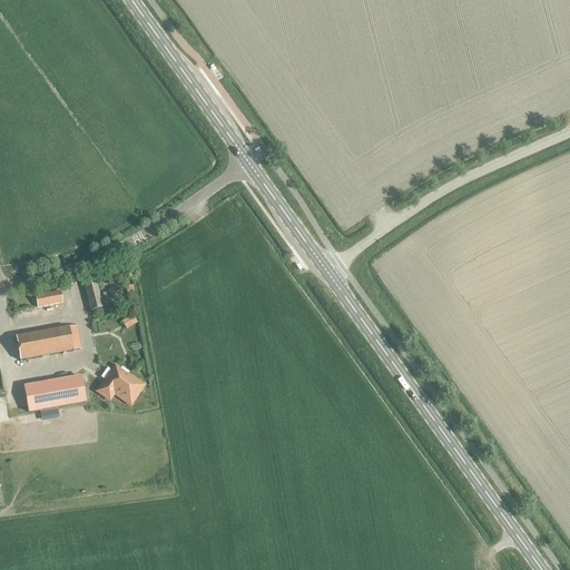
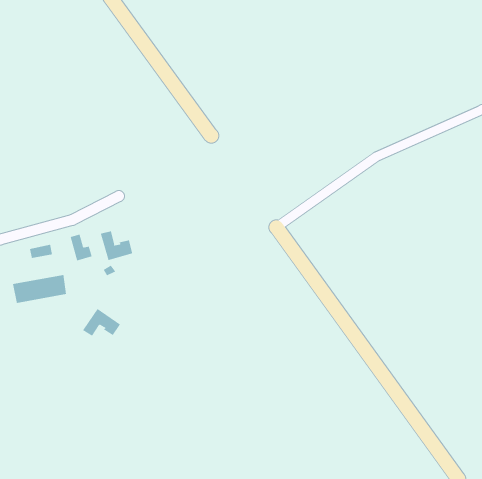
building: none -> [100,231,133,261]
building: [24,374,89,411] -> none

